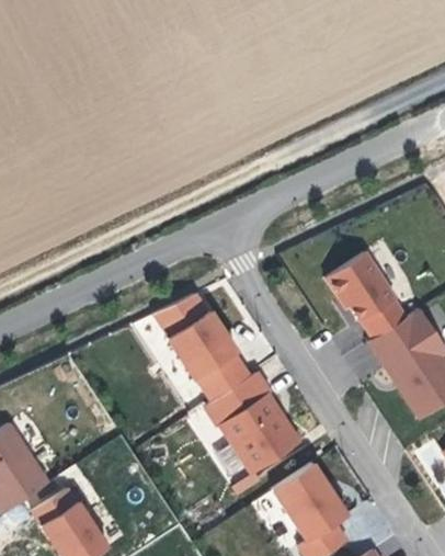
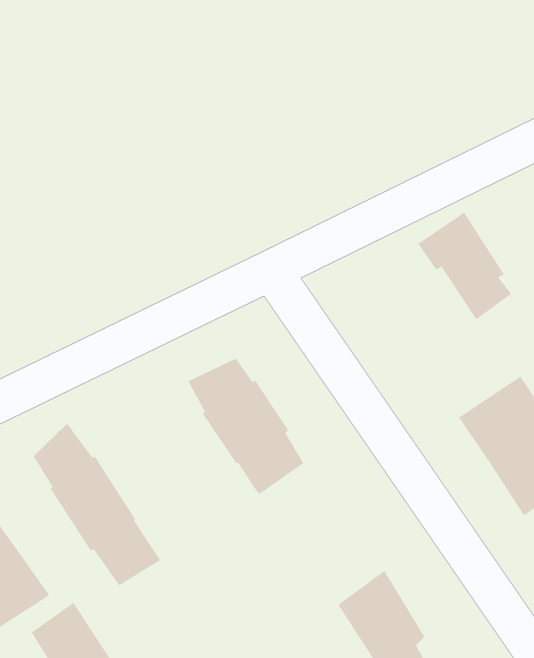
building: [328,252,402,338] -> [417,212,512,320]
building: none -> [33,423,161,586]
building: [206,372,300,469] -> none

